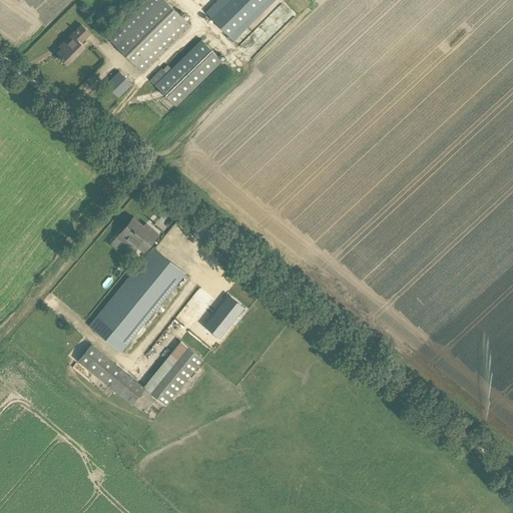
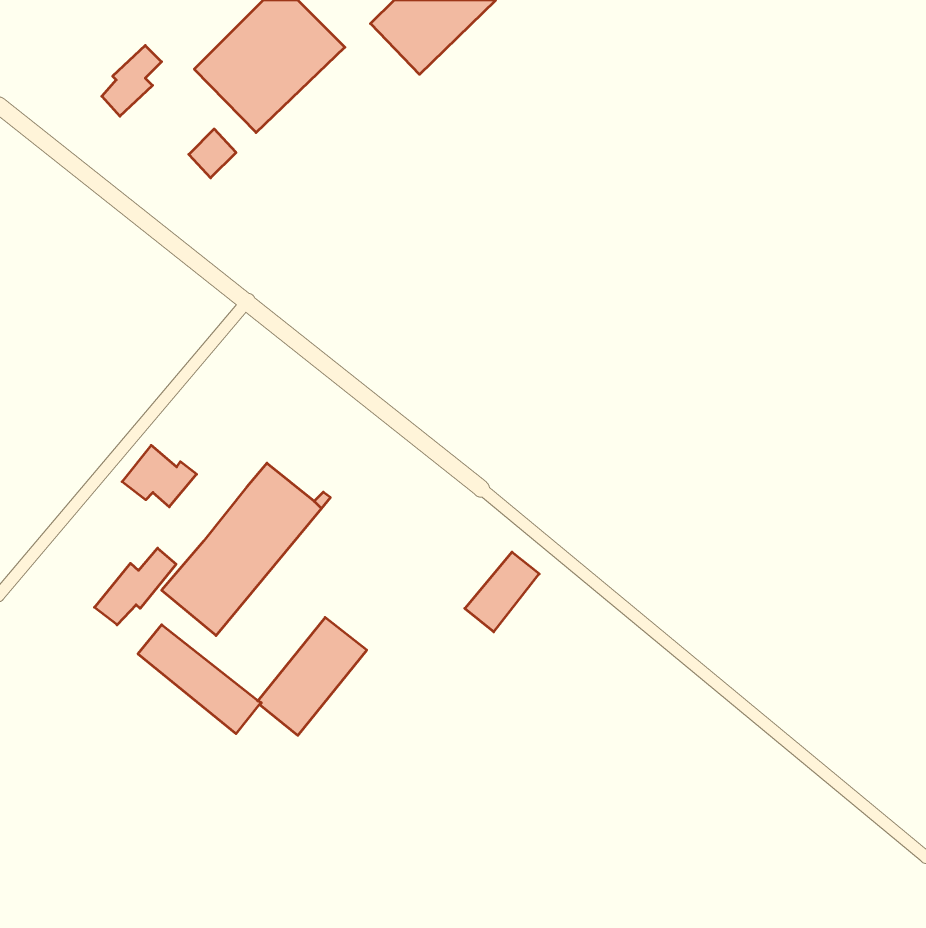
building: [149,39,221,106] -> none
building: [116,217,157,251] -> [122,445,197,507]
building: [202,295,243,339] -> [465,552,539,632]
building: none -> [94,548,176,625]

